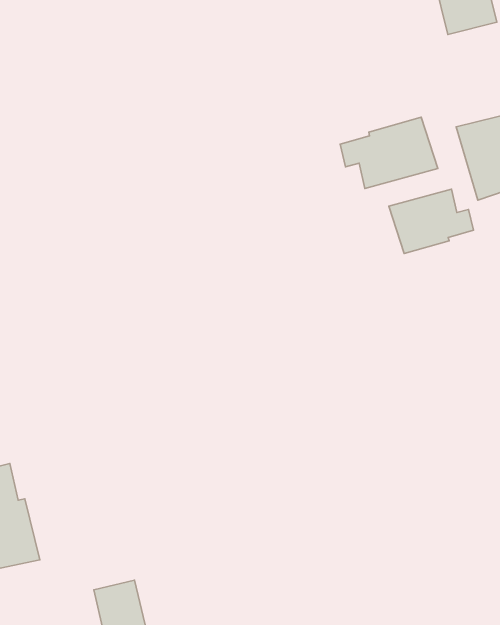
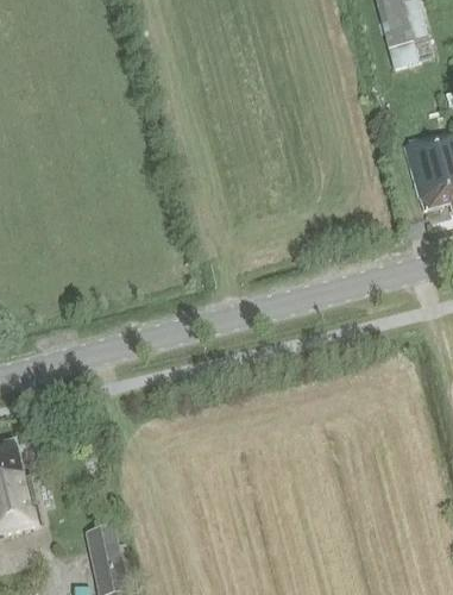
building: [340,117,438,188] -> none
building: [389,189,473,253] -> none

